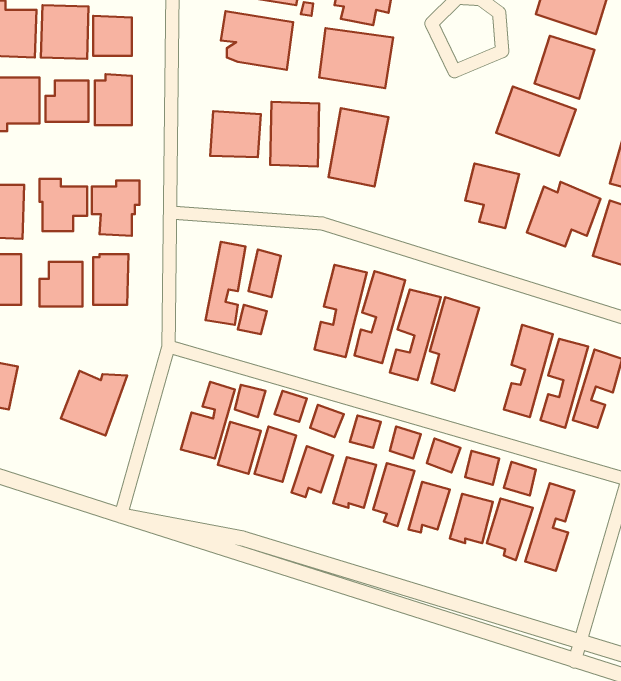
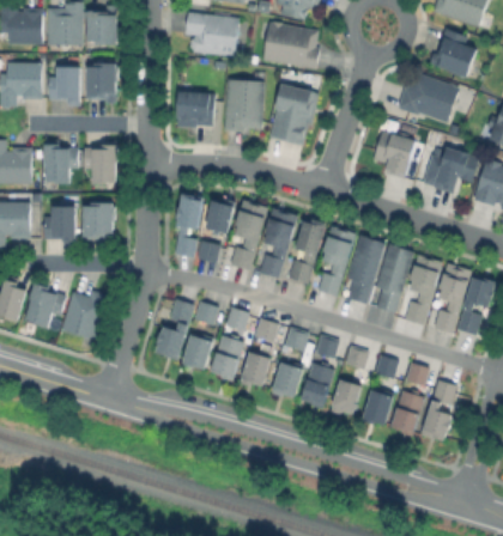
building: none -> [228,197,271,273]
building: none -> [376,244,416,313]
building: none -> [24,281,61,325]

